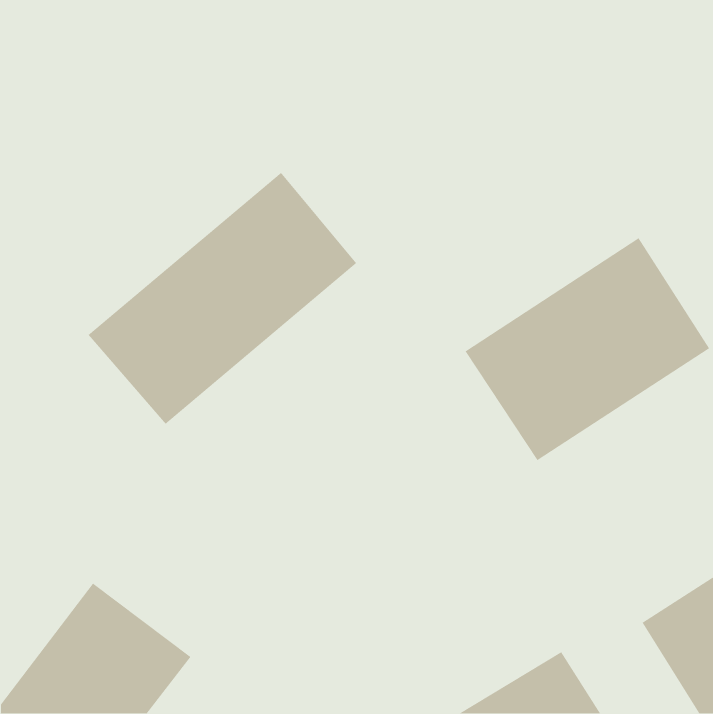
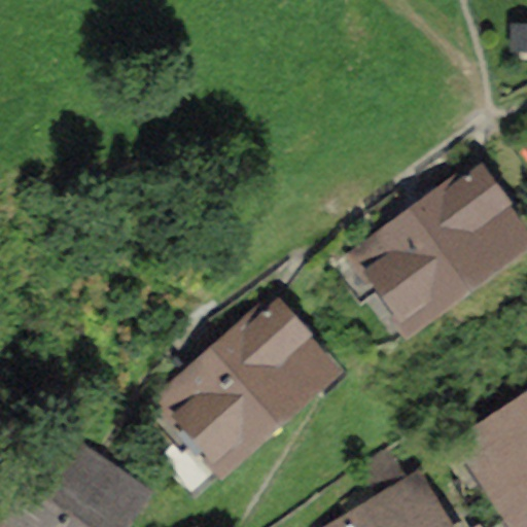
building: [88,172,357,425] -> none
building: none -> [155,294,345,480]

